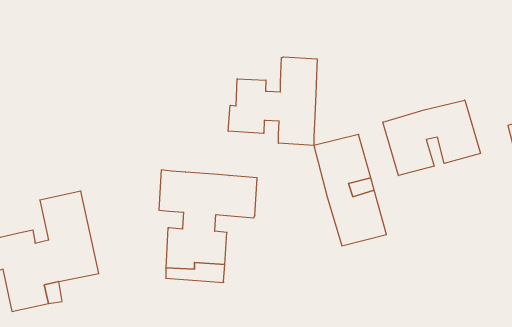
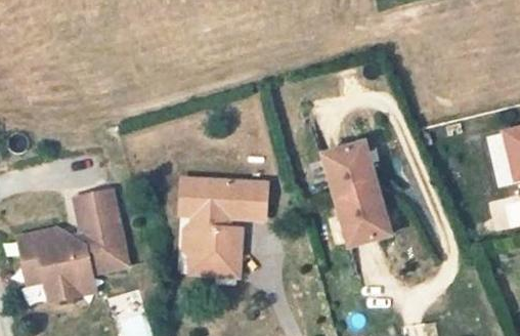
building: [228,57,317,145] -> none
building: [383,100,480,176] -> none

